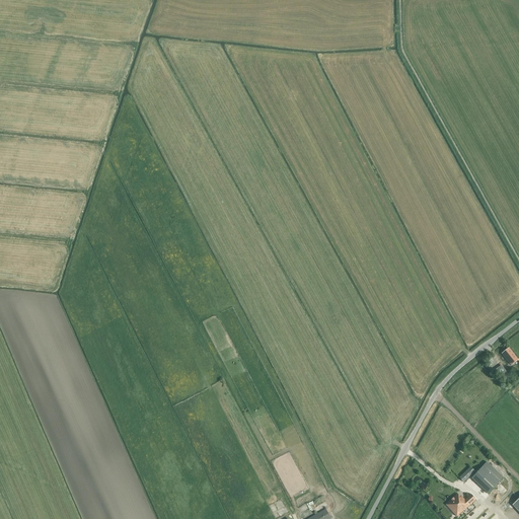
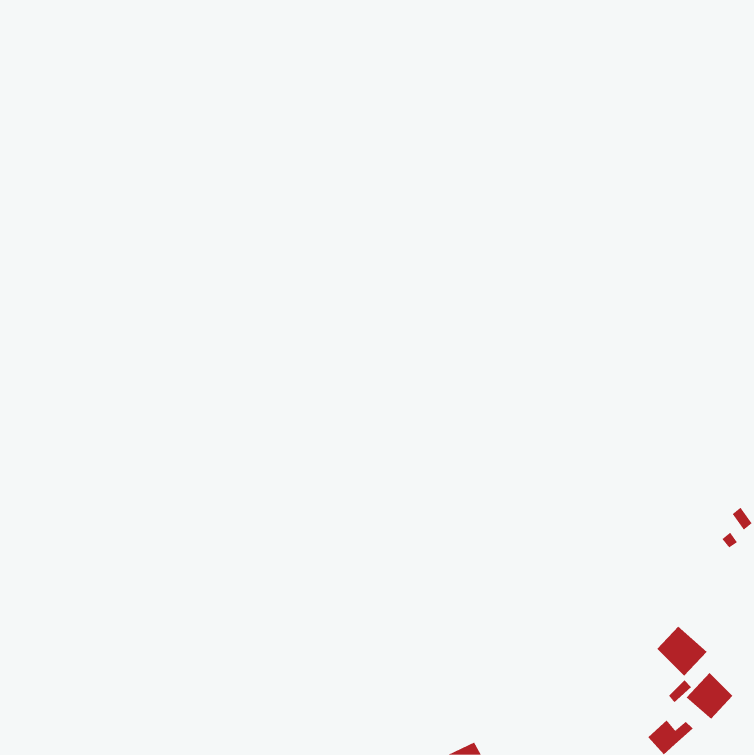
building: none -> [656,626,707,676]

